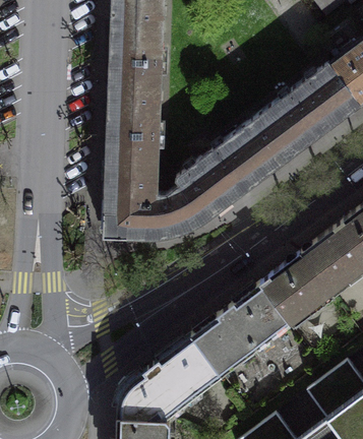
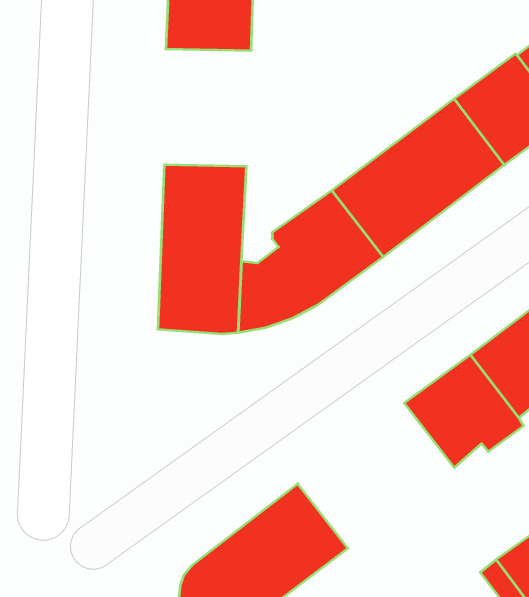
building: [110,58,165,132] -> none
building: [194,281,293,373] -> none

